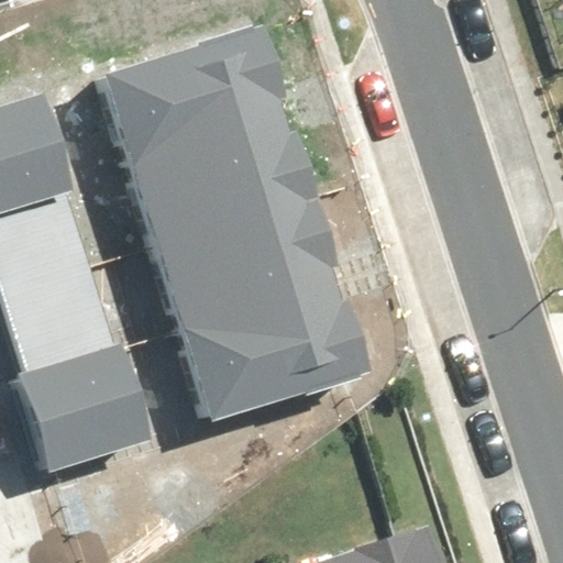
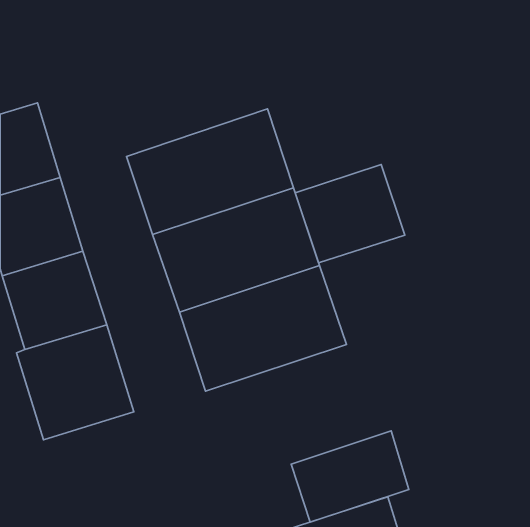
building: [106,36,284,169] -> none
building: none -> [295,165,405,263]
building: none -> [291,431,409,522]

